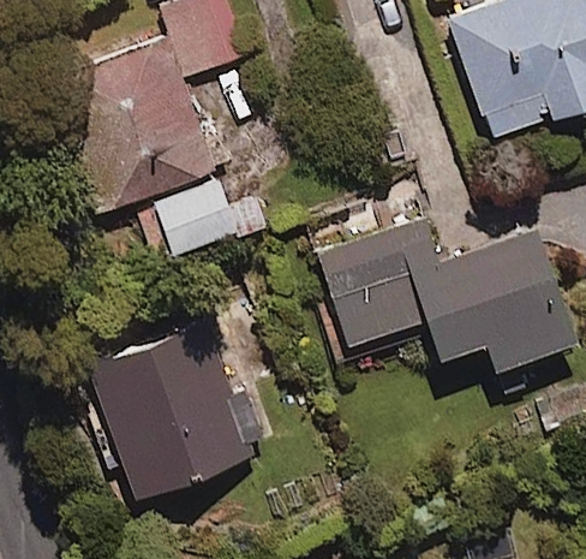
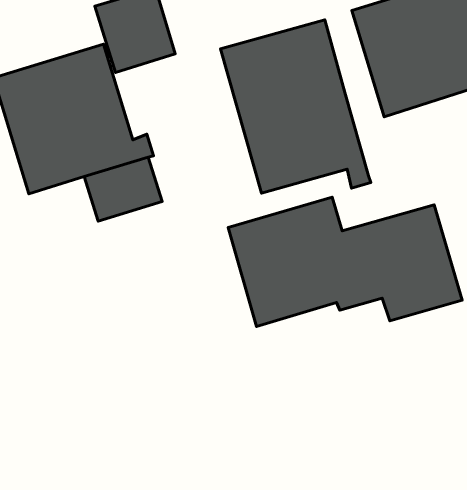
building: none -> [220,20,371,193]
building: [90,326,269,501] -> none

